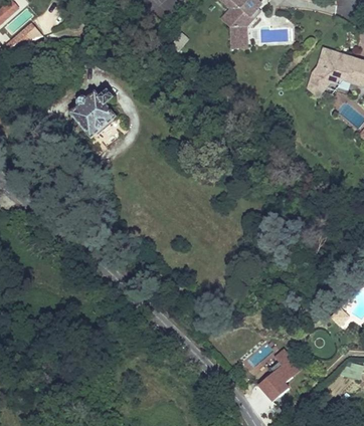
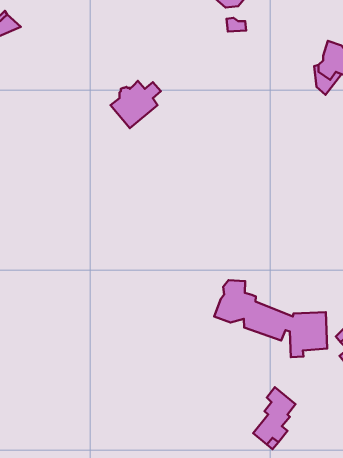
building: [68,93,113,135] -> [110,81,161,128]
building: none -> [214,280,327,357]

